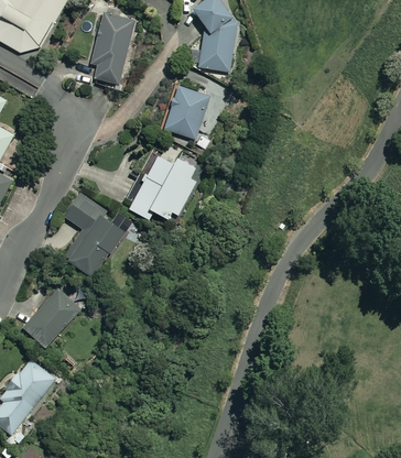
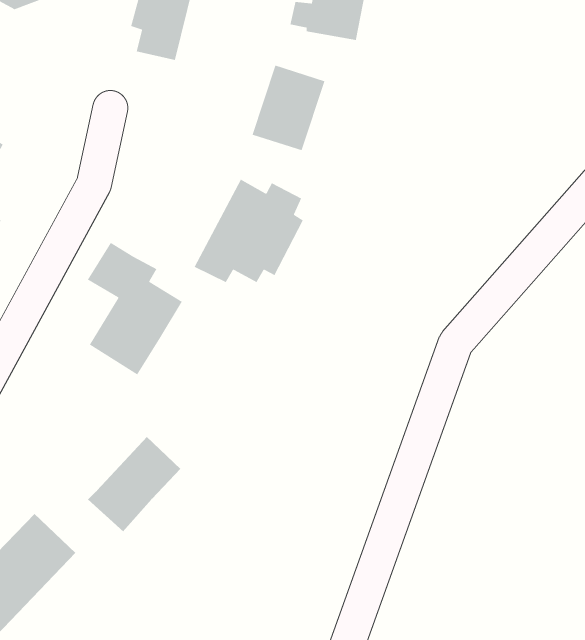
building: [22,287,79,346] -> [87,436,181,532]

